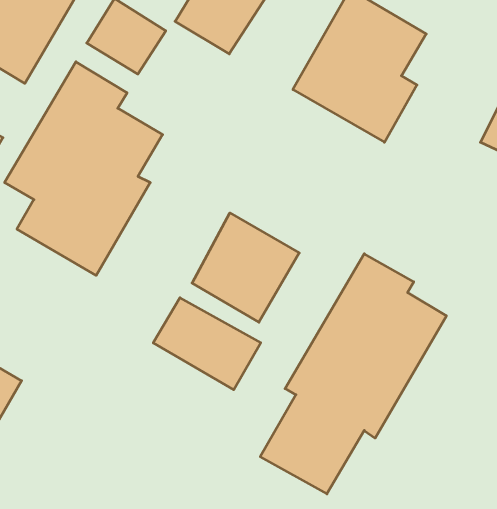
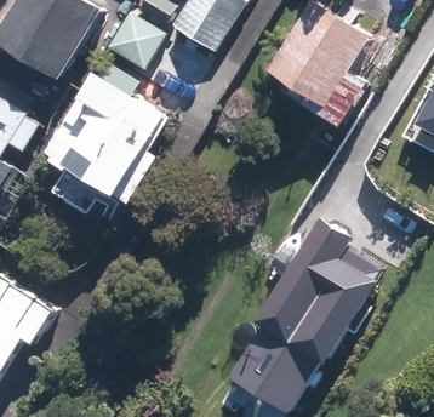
building: [192,213,299,322] -> none
building: [153,298,261,390] -> none

